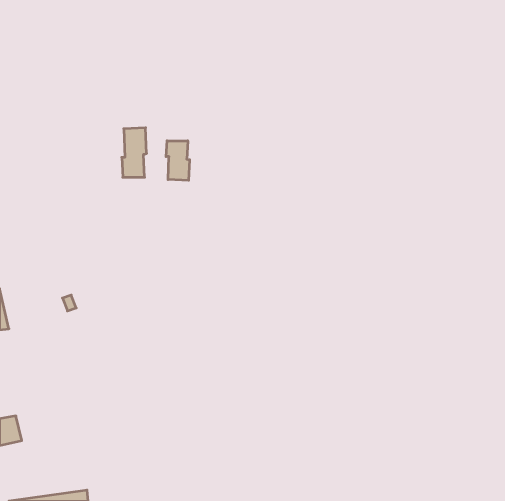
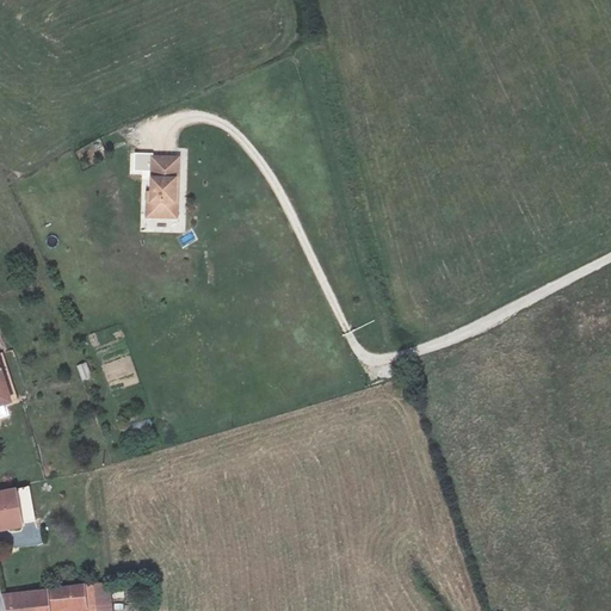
building: [166,141,190,180] -> none

